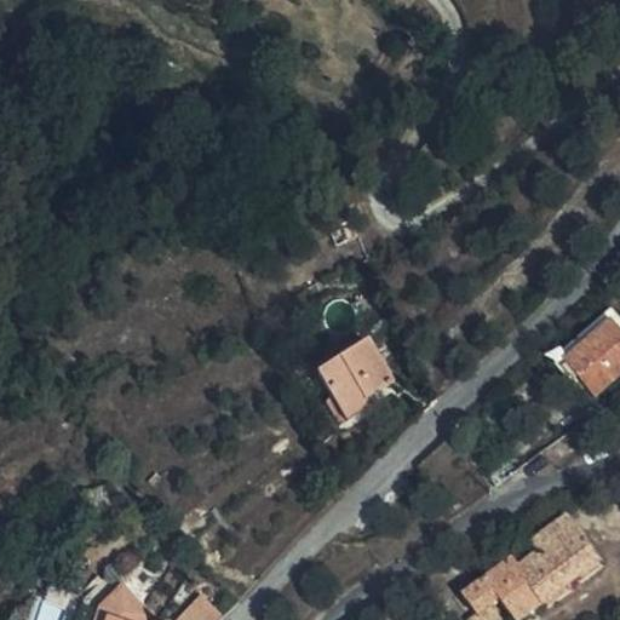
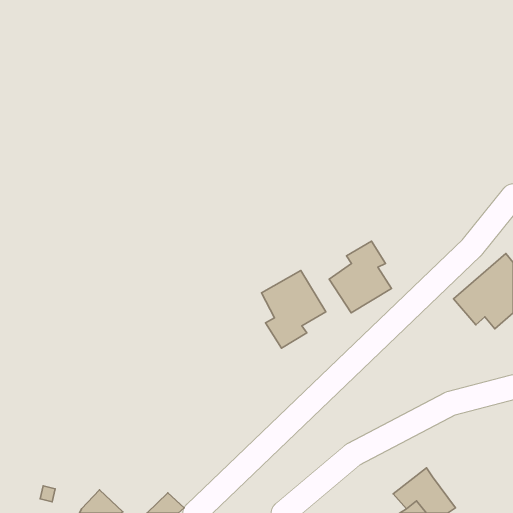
building: none -> [329,241,391,313]
building: [521,521,603,612] -> none

